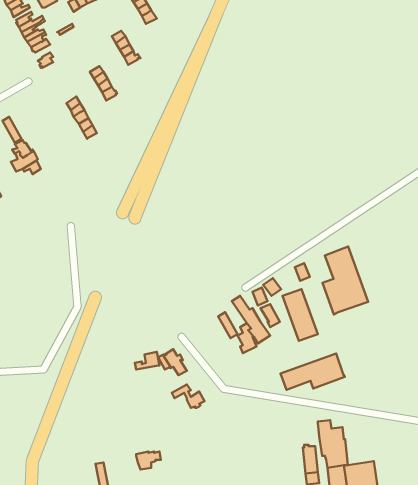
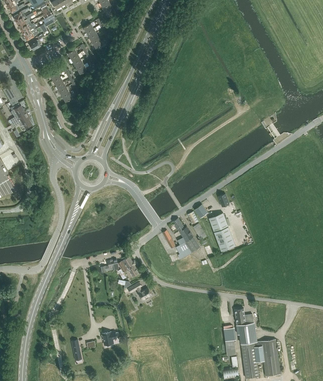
building: [322,247,368,314] -> none
building: [280,353,345,390] -> none

